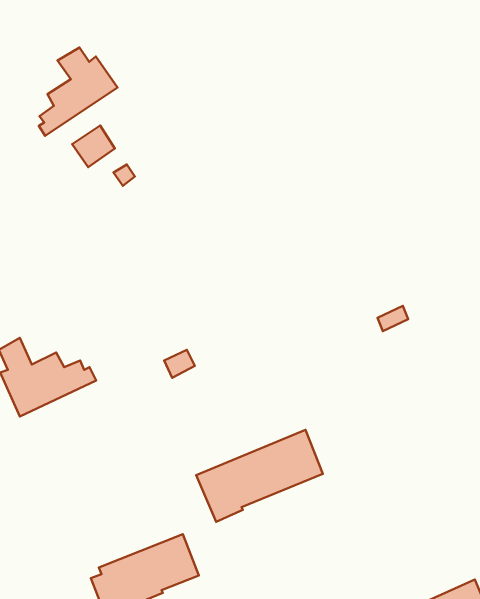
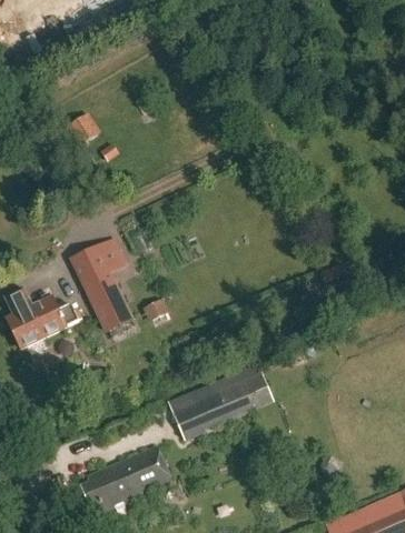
building: [39,48,118,136] -> none
building: none -> [72,238,130,330]

